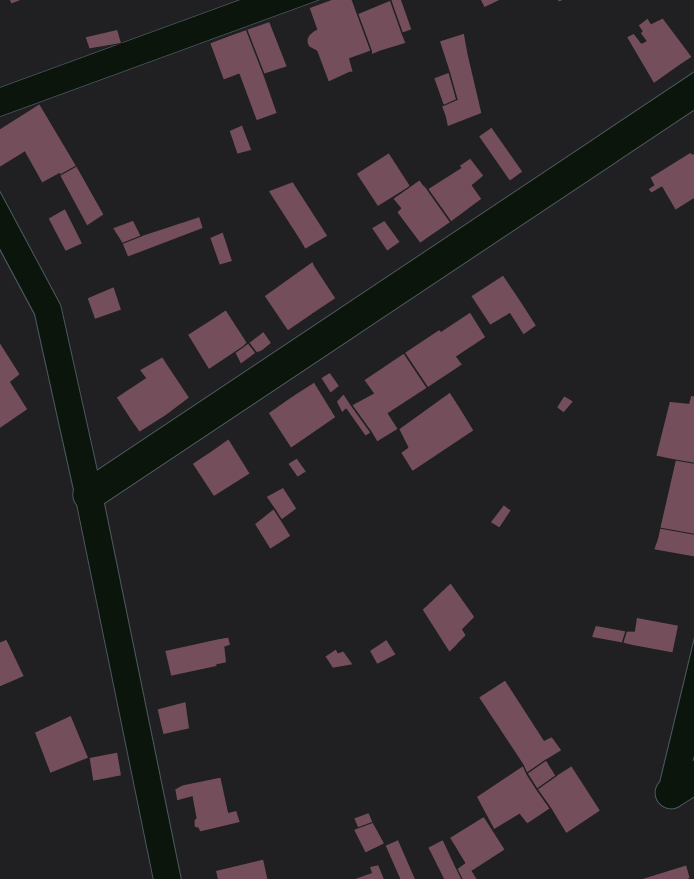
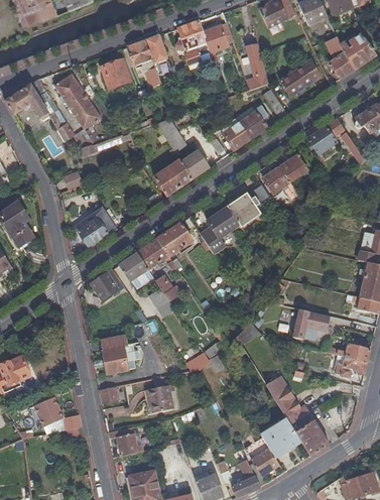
building: none -> [325,34,356,79]
building: none -> [281,57,321,94]
building: none -> [99,58,129,89]
building: none -> [53,74,99,129]
building: [356,152,411,207] -> [180,150,209,178]
building: none -> [306,118,352,154]
building: none -> [278,154,306,181]
building: [187,309,247,370] -> [136,238,167,269]
building: [398,392,474,472] -> none
building: none -> [90,269,132,303]
building: none -> [290,310,327,342]
building: none -> [99,335,136,361]
building: none -> [336,358,366,377]
building: none -> [144,384,172,411]

